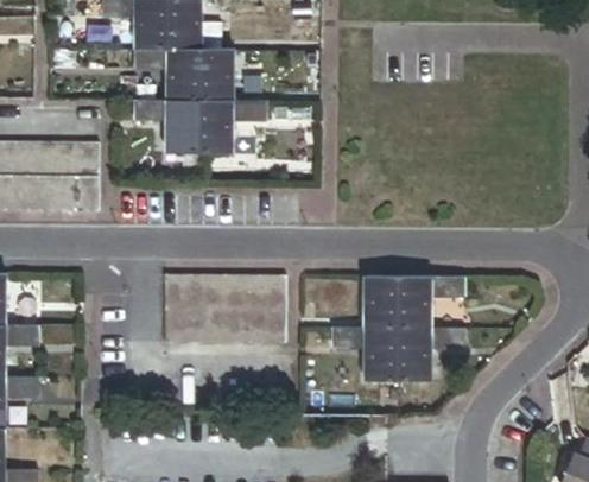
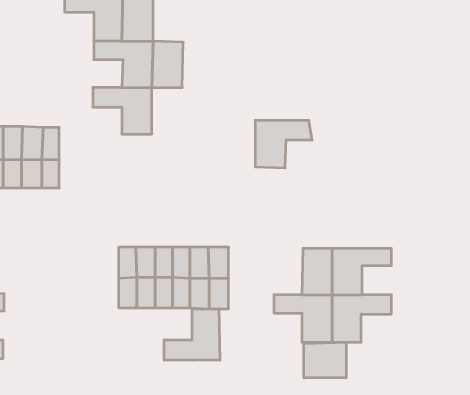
building: [200,100,262,152] -> [255,120,312,168]
building: none -> [164,309,220,360]
building: none -> [304,342,346,378]

